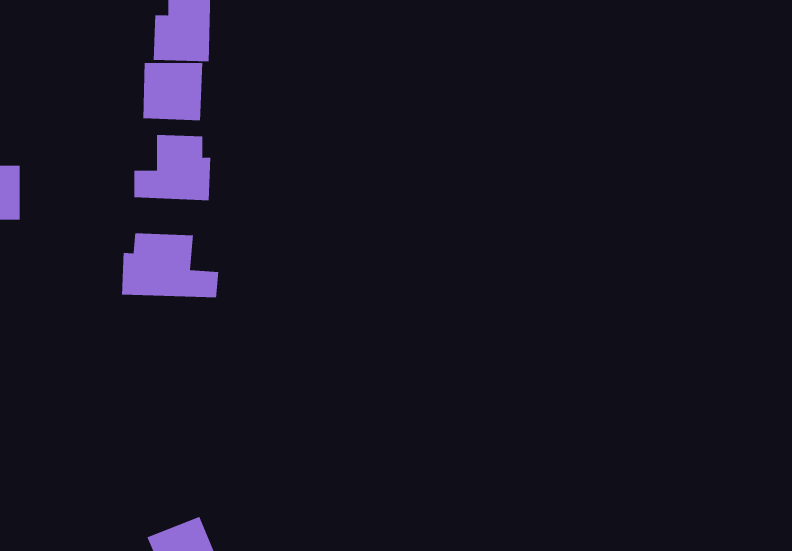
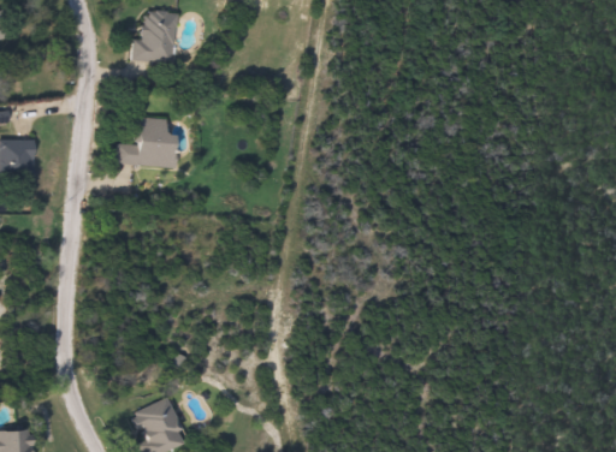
building: [143,62,203,121] -> none
building: [121,232,219,298] -> none

